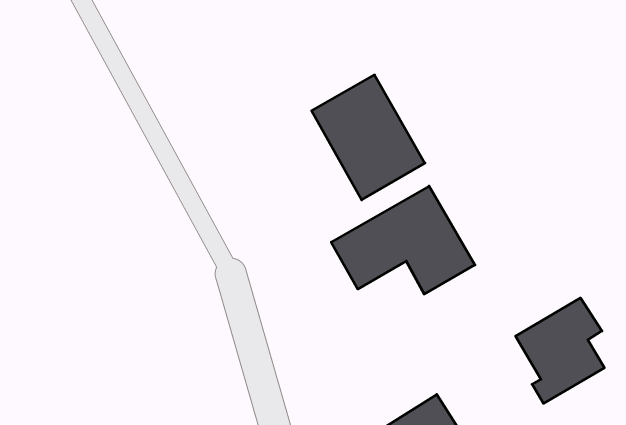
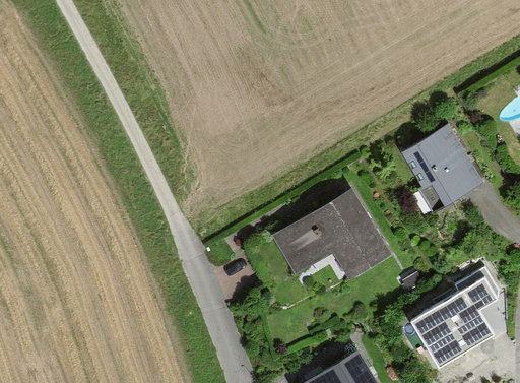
building: [312,75,425,200] -> none
building: none -> [401,125,480,208]

